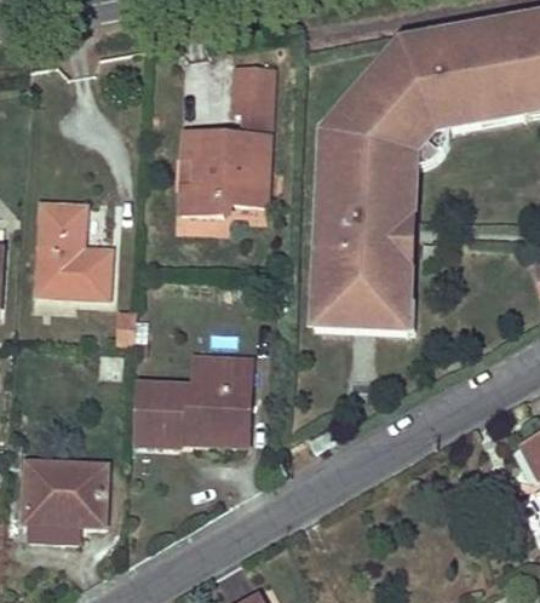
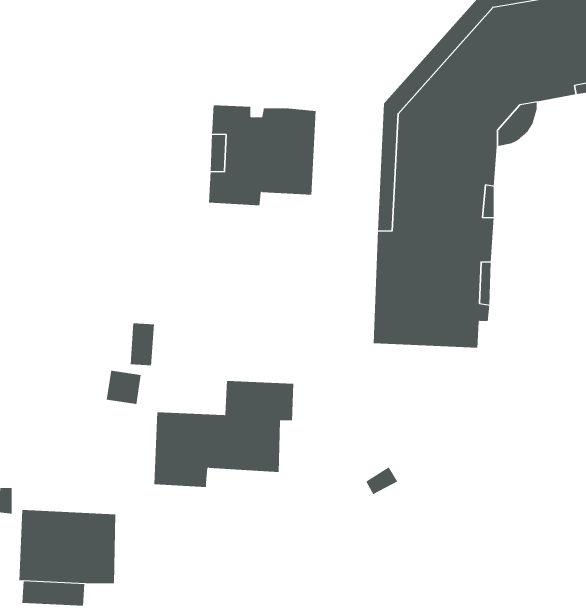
building: [234,67,272,136] -> none
building: [36,202,110,297] -> none
building: [179,389,249,442] -> none

